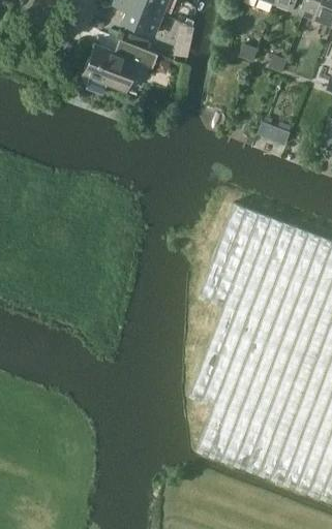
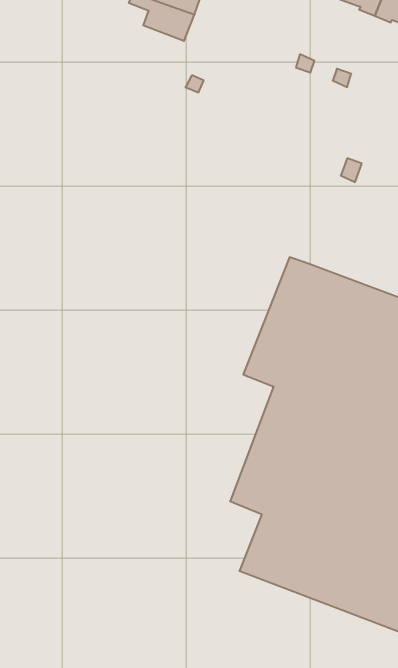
building: [83,39,157,95] -> none

